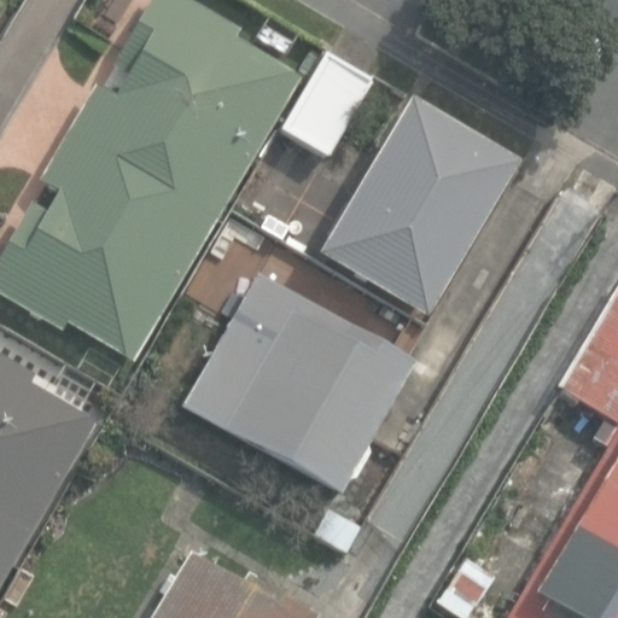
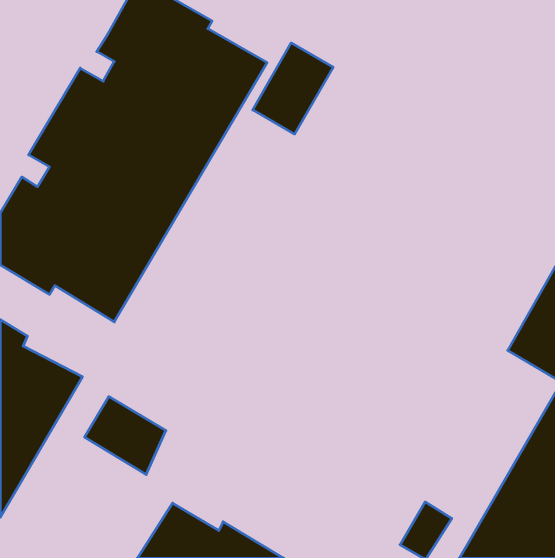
building: [319,103,519,321] -> none
building: [183,275,416,496] -> none

